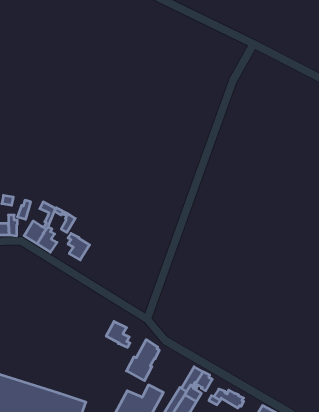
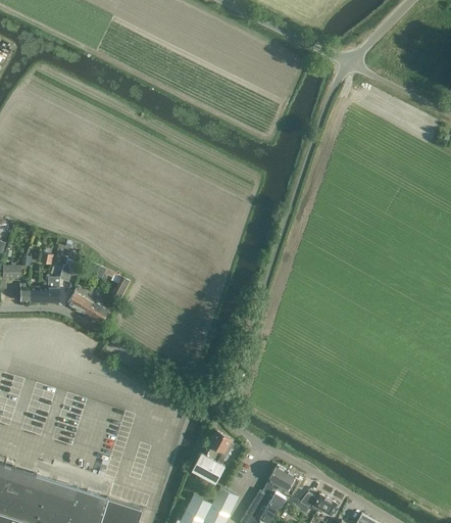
building: [68,233,90,260] -> none
building: [106,321,130,347] -> none

